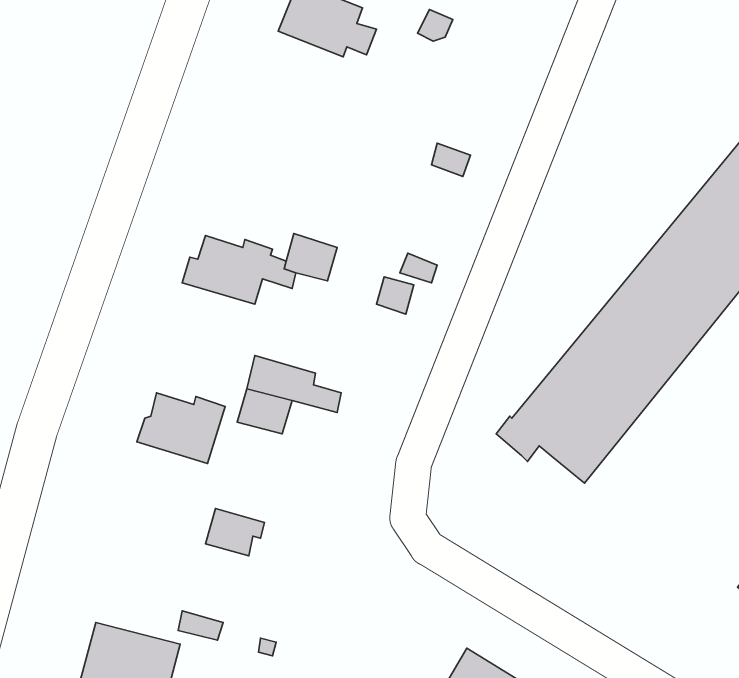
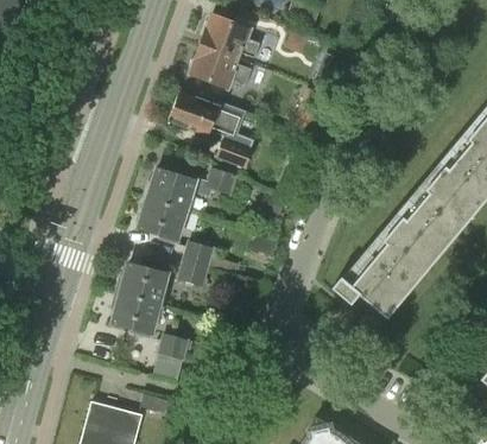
building: none -> [191,45,251,90]
building: none -> [169,94,253,169]
building: none -> [139,197,202,245]
building: none -> [110,293,159,341]

